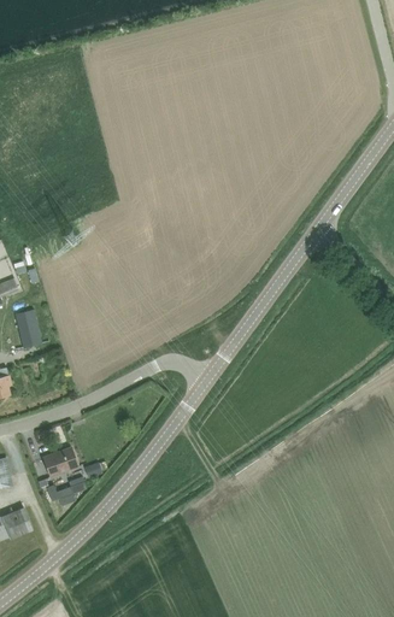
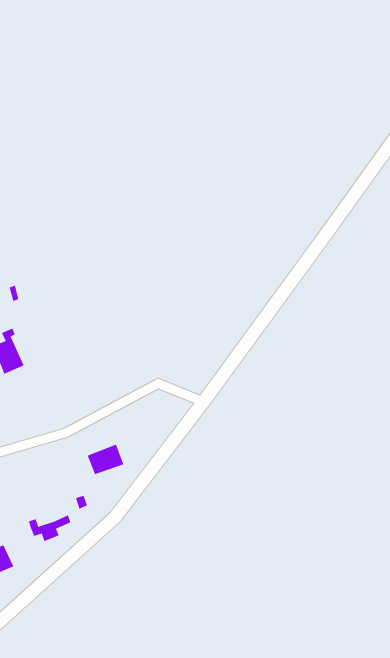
building: [42,447,77,476] -> [87,444,124,475]

